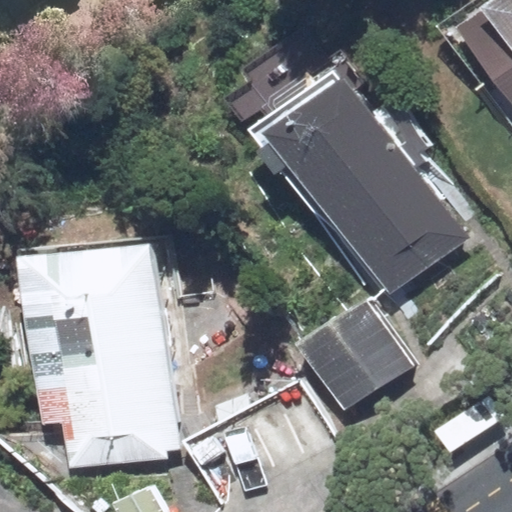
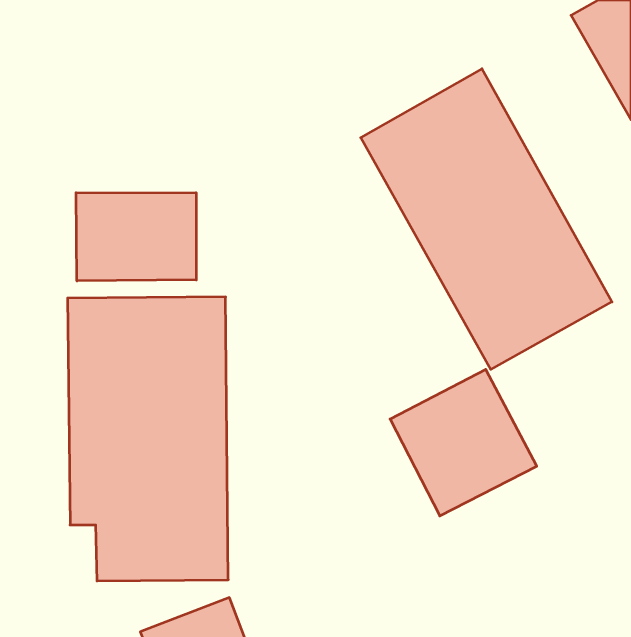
building: none -> [76,193,196,281]

